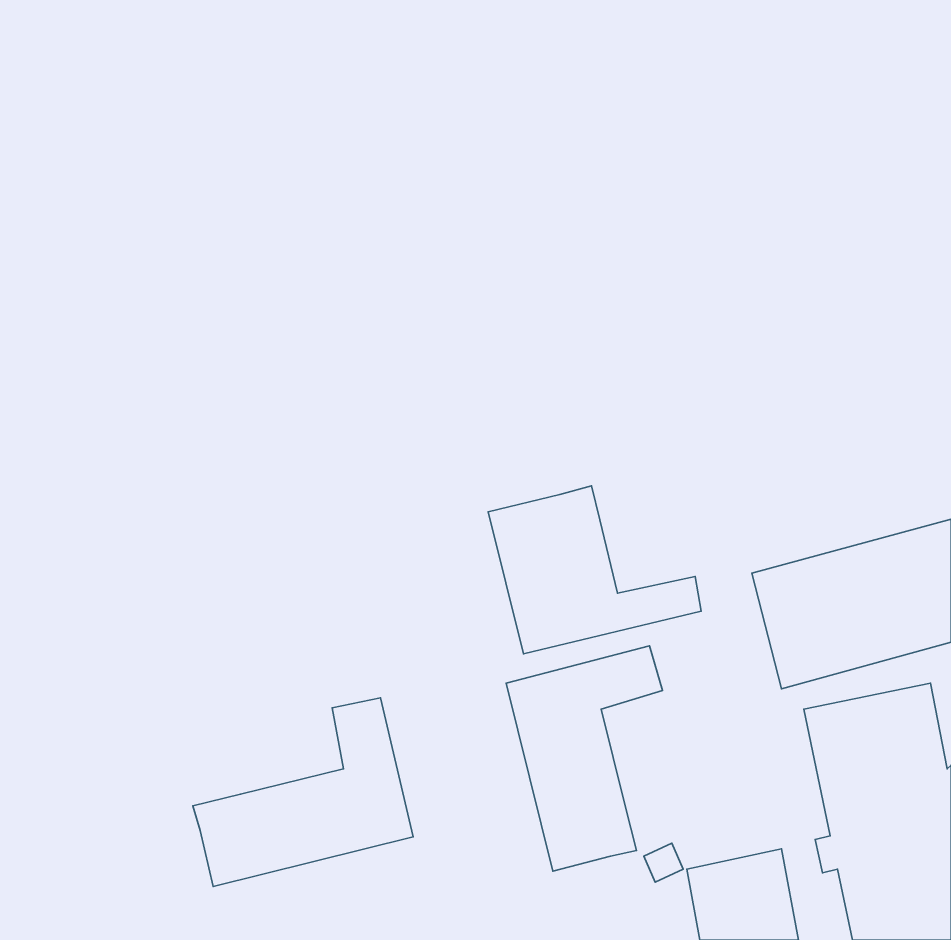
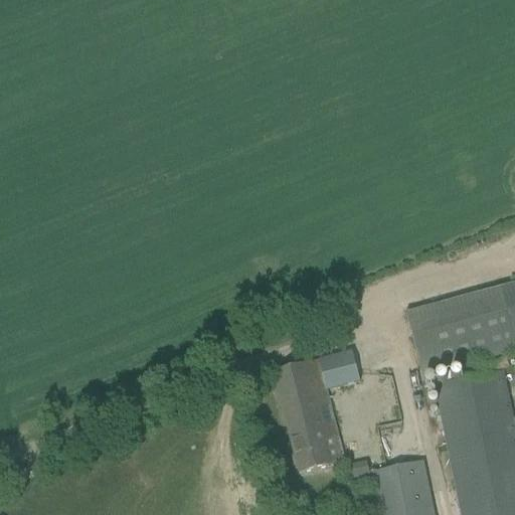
building: [488,486,701,654] -> none
building: [193,698,413,886] -> none

